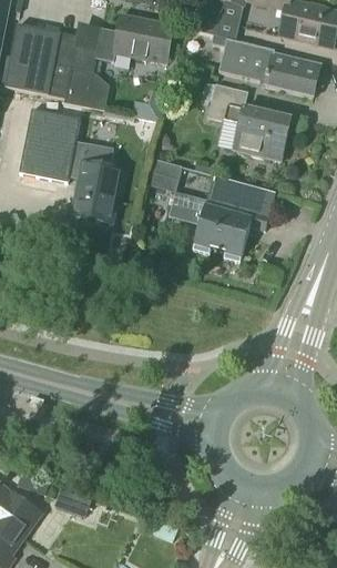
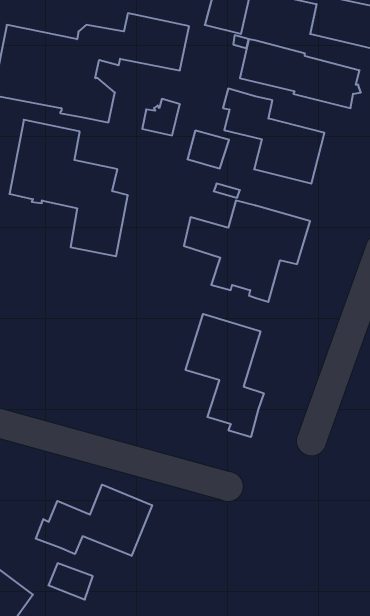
building: [147,158,183,190] -> [187,131,229,168]
building: none -> [186,314,264,437]
building: none -> [36,485,152,556]

